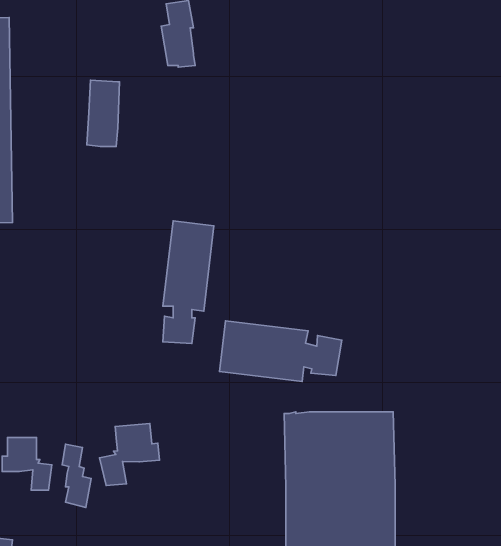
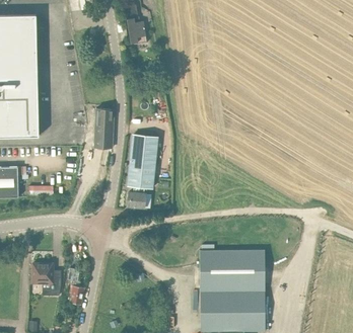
building: [87,80,119,147] -> [94,108,114,148]
building: [220,321,342,382] -> none
building: [100,423,159,486] -> none

